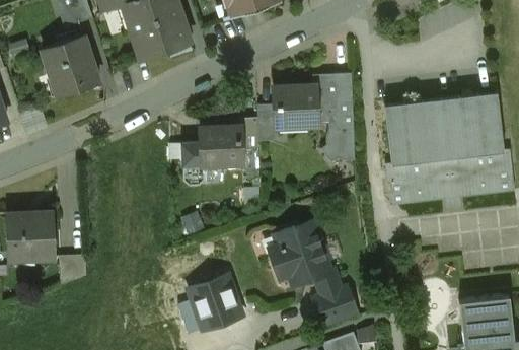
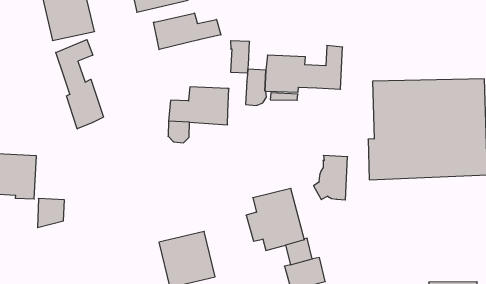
building: none -> [153,13,221,50]
building: none -> [56,40,104,129]
building: [321,117,355,162] -> [314,155,348,200]
building: [238,118,258,150] -> [231,41,250,73]

